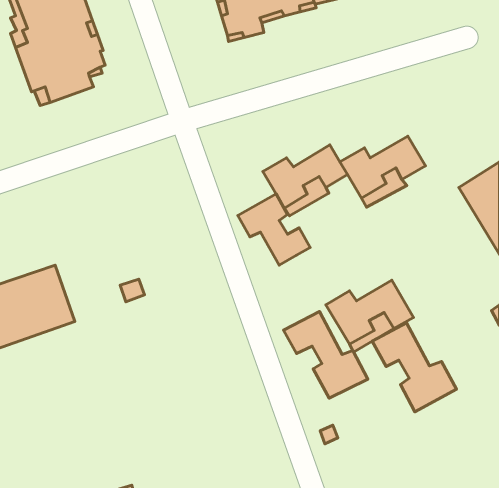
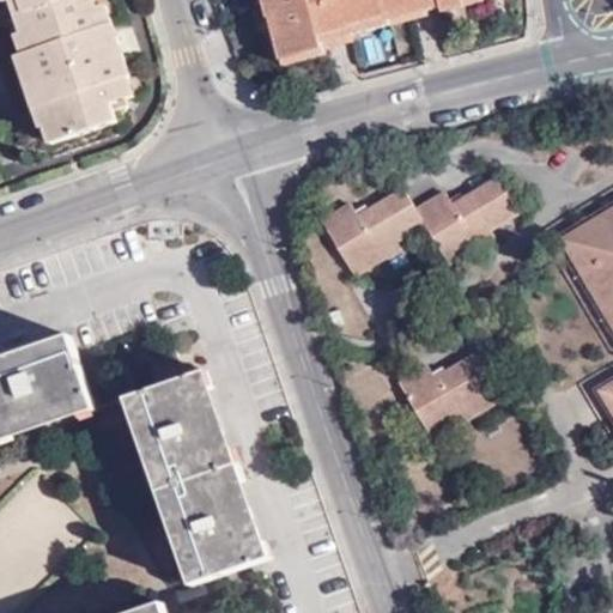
building: [238,194,310,265] -> none
building: none -> [123,371,261,584]
building: [284,312,368,398] -> none
building: [372,323,457,412] -> none

